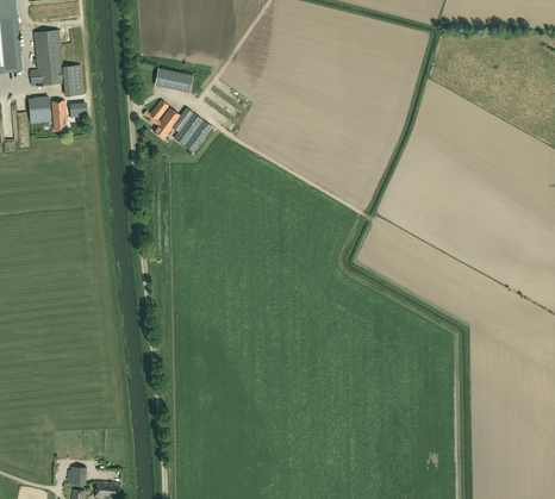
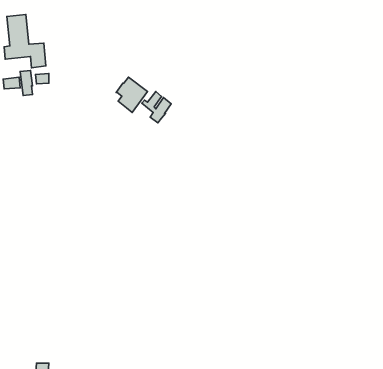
building: [154,67,192,92] -> none
building: [142,99,179,138] -> [142,92,171,123]

